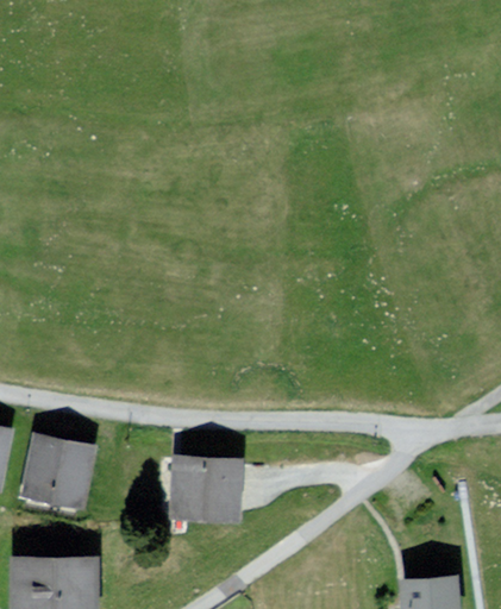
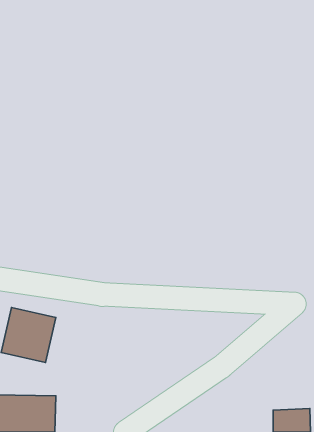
building: [169,457,242,525] -> none

